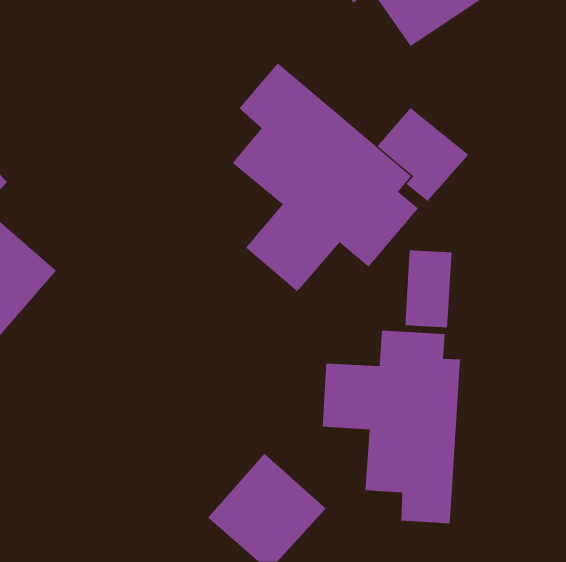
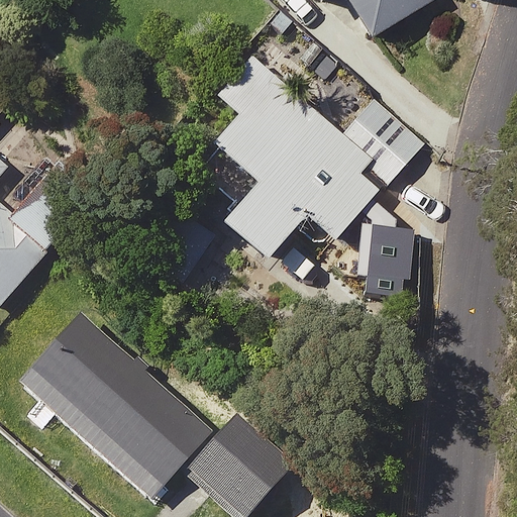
building: [322,330,461,524] -> none
building: none -> [17,312,213,499]

